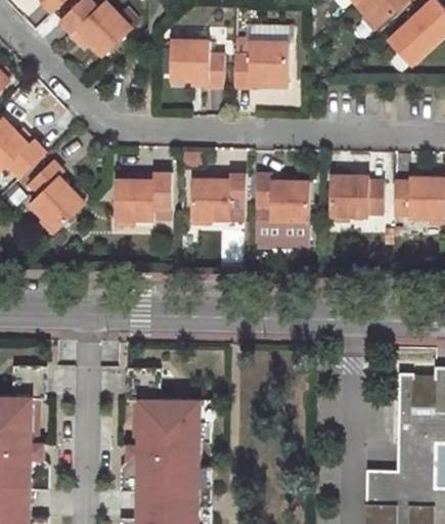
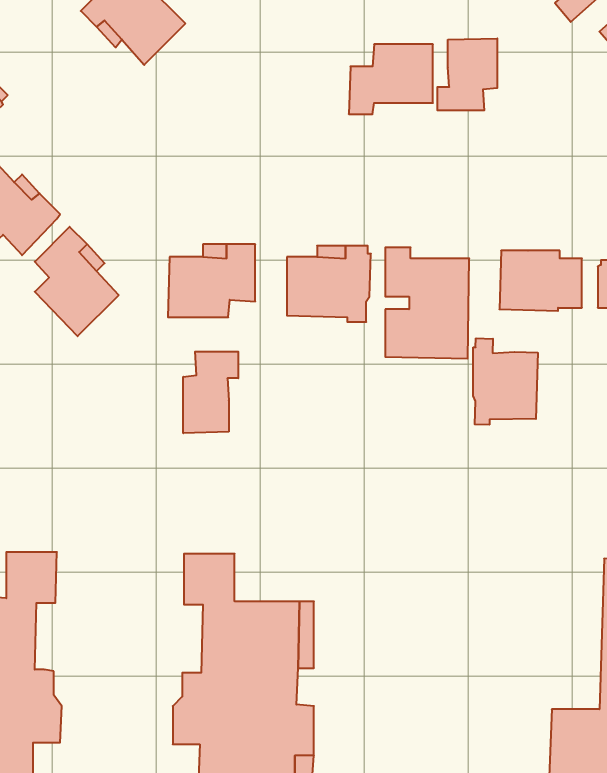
building: none -> [437,38,497,110]
building: [171,42,224,88] -> none
building: none -> [473,338,538,425]
building: none -> [183,352,238,433]

